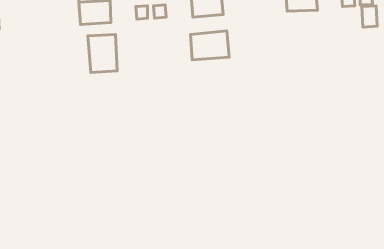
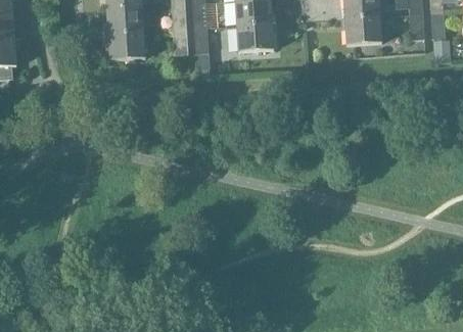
building: [190,31,229,60] -> none
building: [88,34,117,72] -> none

